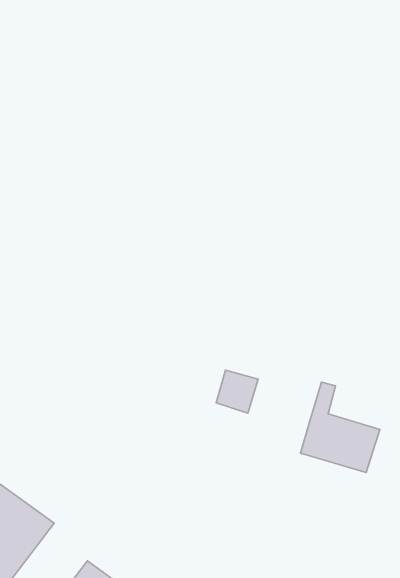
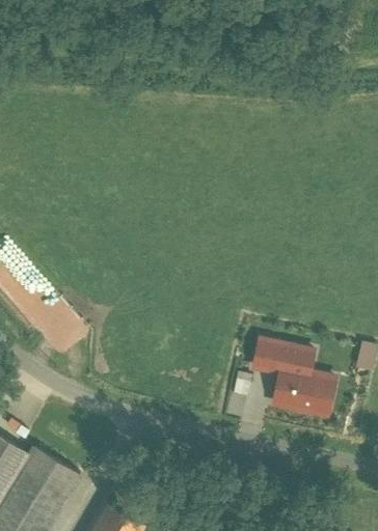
building: [216,370,258,413] -> [253,341,286,374]

